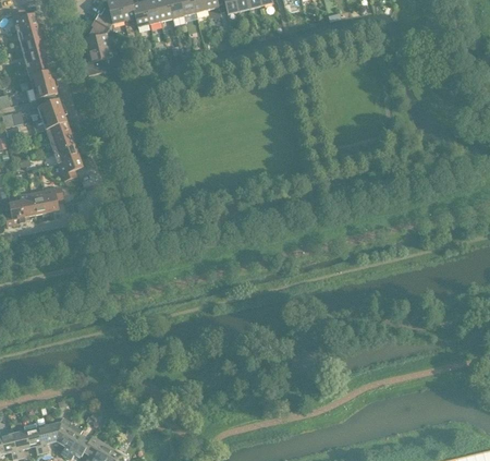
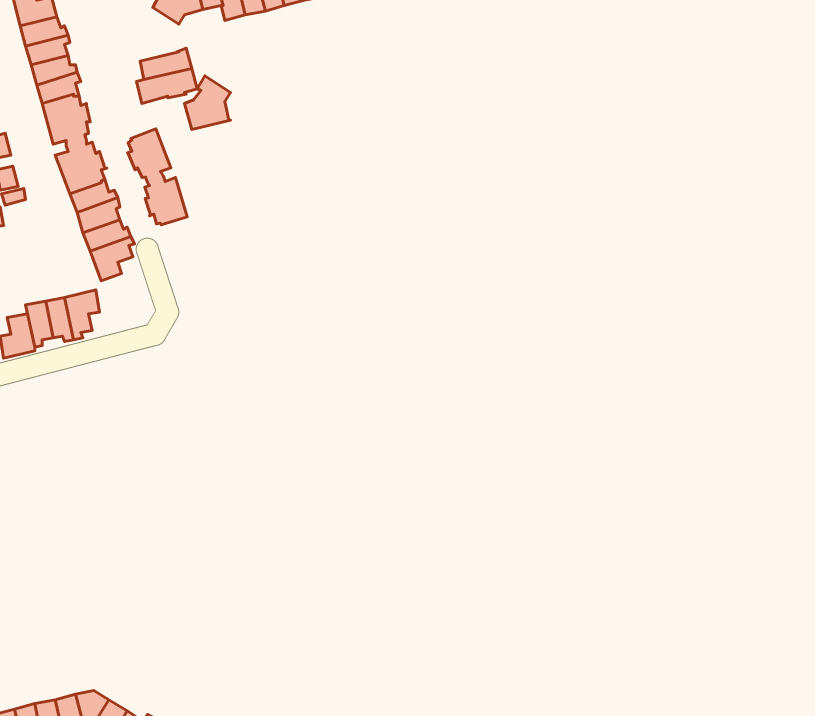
building: [82,19,109,50] -> [184,76,231,129]
building: none -> [127,129,187,225]

